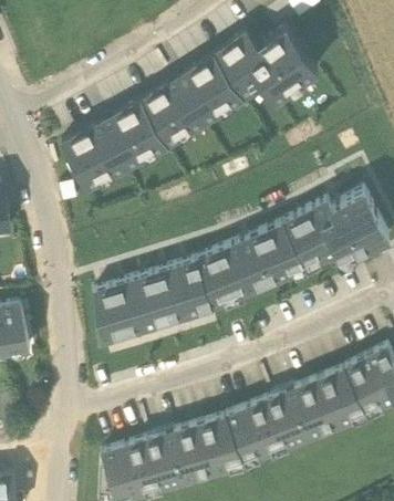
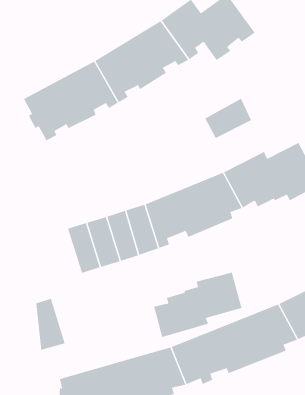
building: none -> [205,98,252,139]
building: [92,283,125,341] -> [35,298,66,350]
building: none -> [153,272,242,338]

